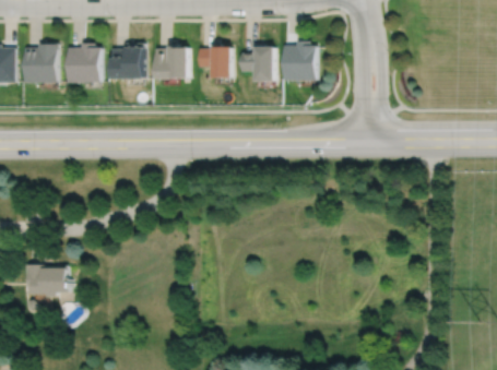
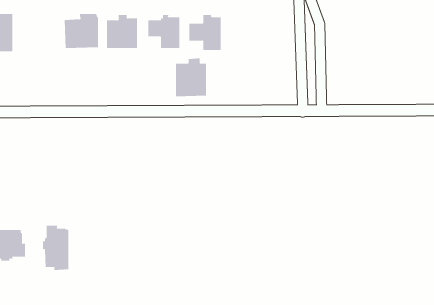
building: [282,41,315,82] -> [175,58,207,97]
building: [67,44,102,83] -> none
building: none -> [43,225,69,271]

